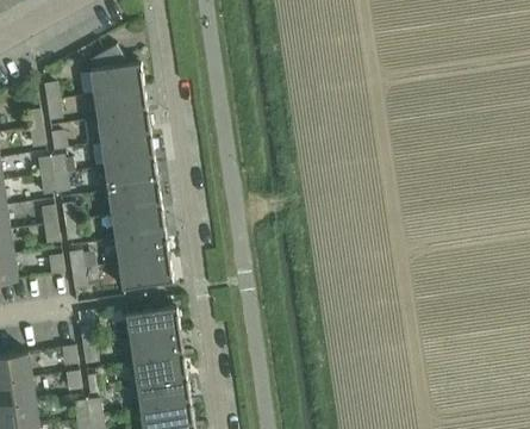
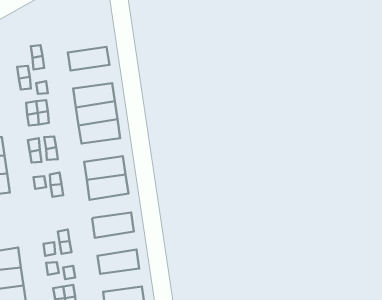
building: [89,45,144,95] -> none
building: [96,112,151,143] -> none
building: [111,209,166,240] -> none
building: [129,331,183,363] -> none
building: [136,380,191,411] -> none

